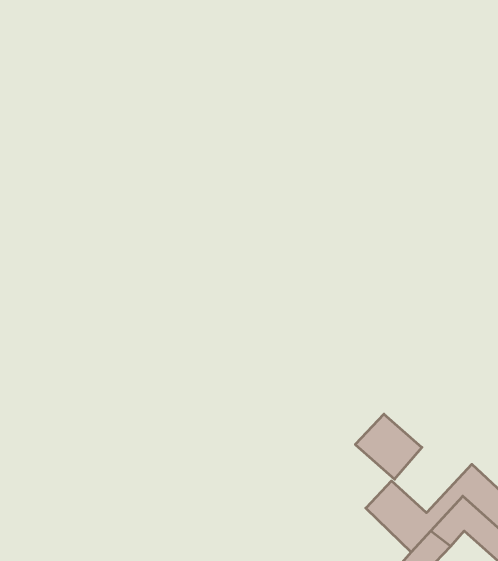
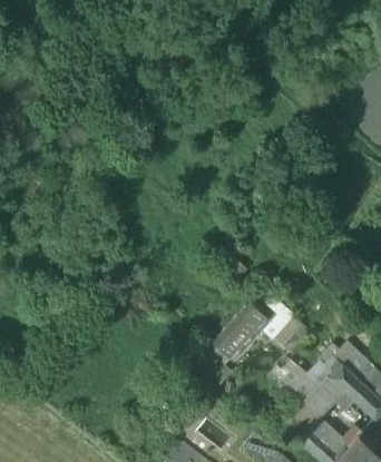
building: none -> [212,304,267,362]

